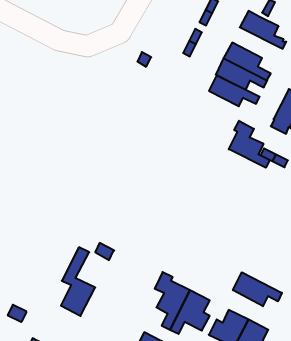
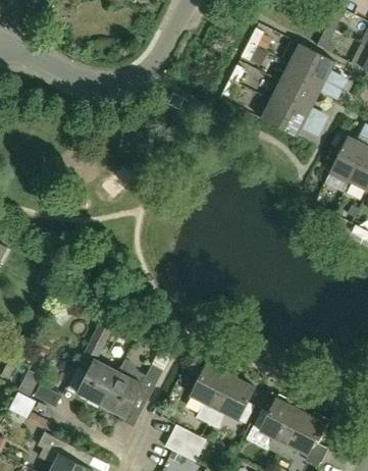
building: [209,75,260,106] -> [280,63,340,100]
building: [229,121,270,168] -> none
building: [233,272,282,306] -> none
building: none -> [101,359,162,417]

